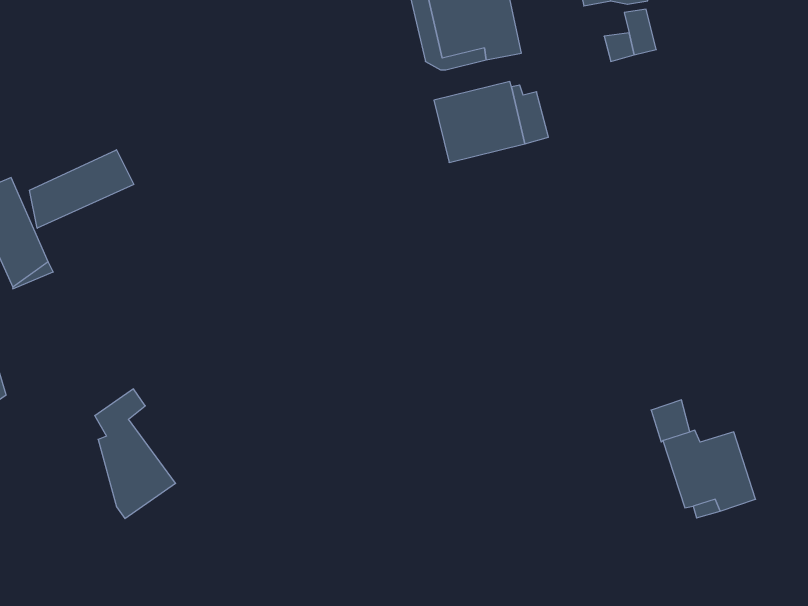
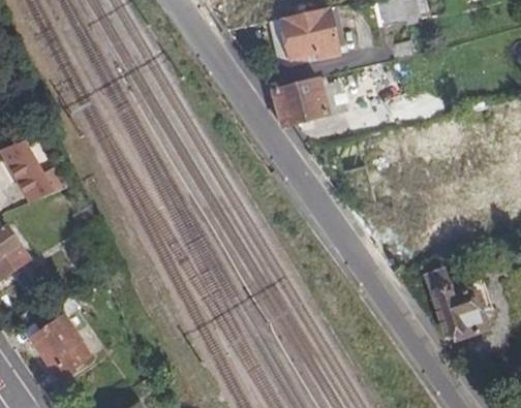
building: [30,150,134,228] -> none
building: [95,389,176,519] -> [37,295,87,375]

